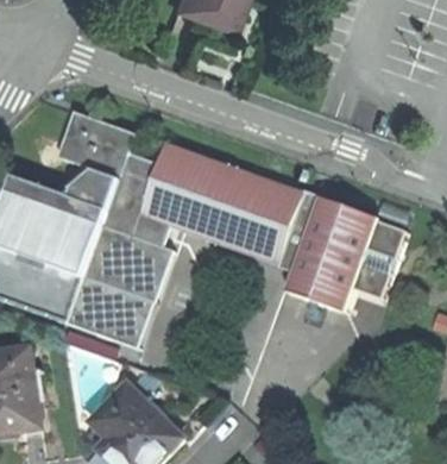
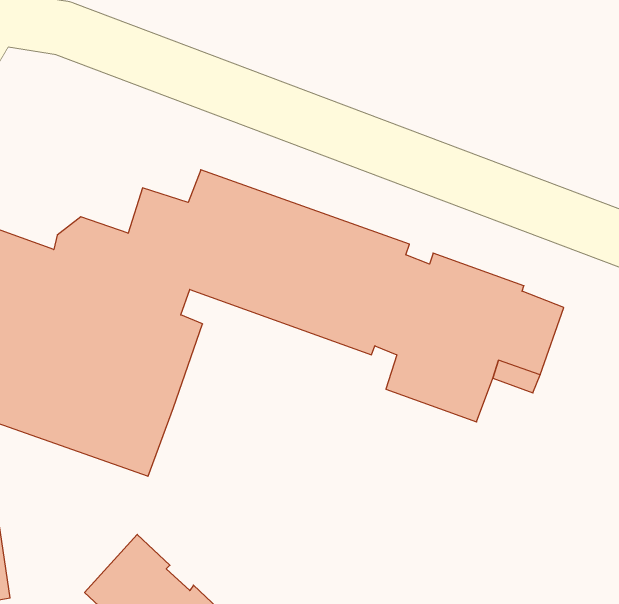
building: [58,113,137,186] -> none

